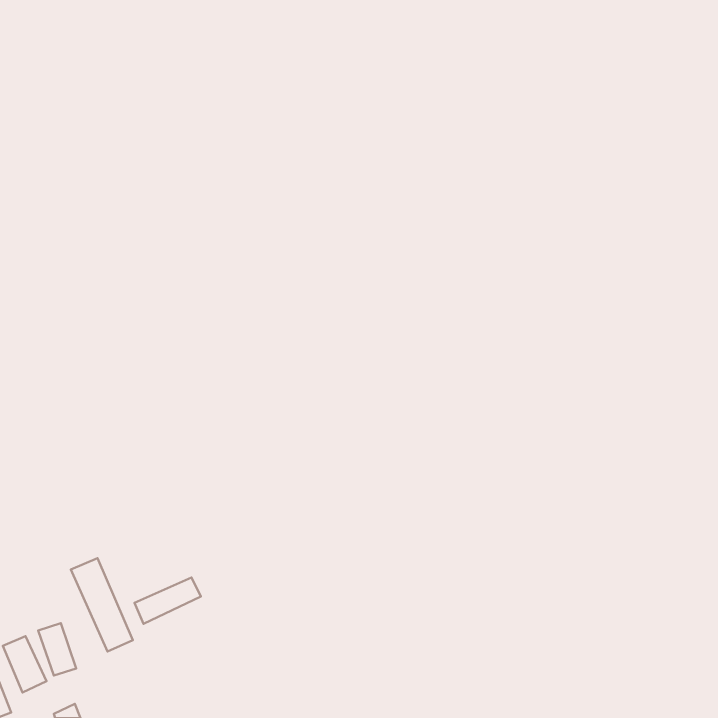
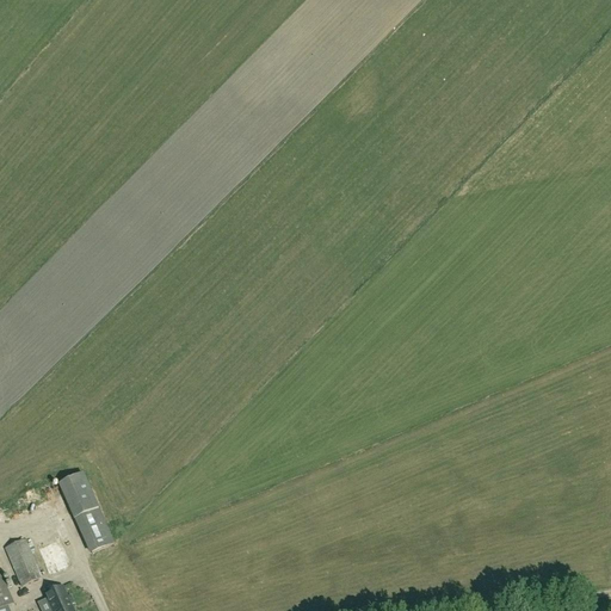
building: [134,577,201,624] -> none

